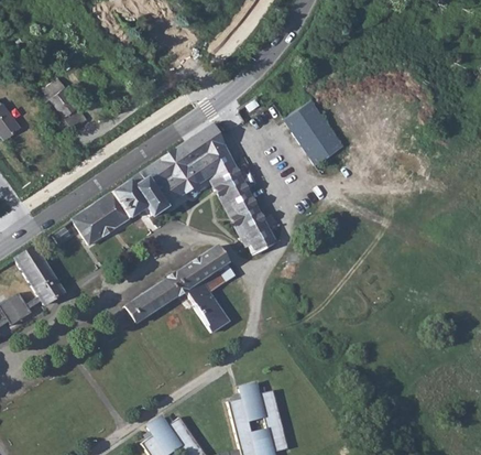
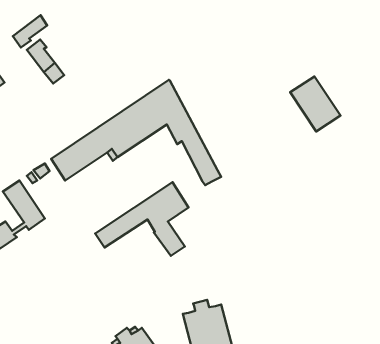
building: none -> [13,15,47,47]
building: [284,99,343,164] -> [290,76,341,131]
building: [221,197,278,254] -> none

